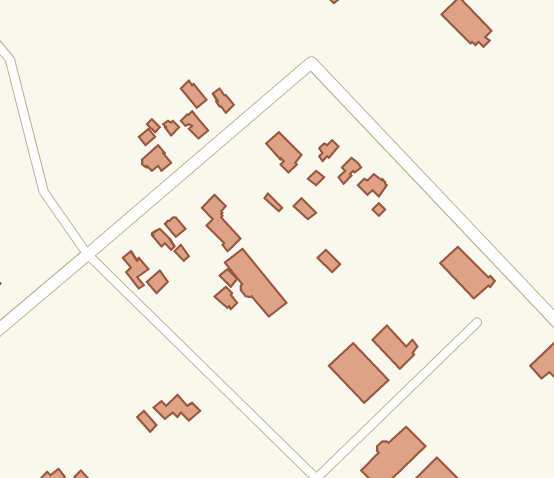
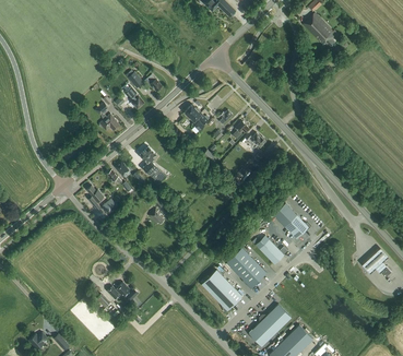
building: [440,247,495,298] -> [273,203,310,238]
building: [225,249,287,316] -> none
building: none -> [202,270,241,311]

